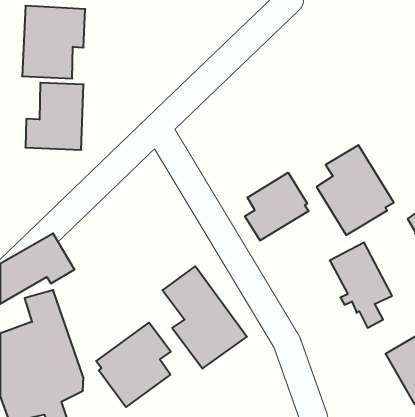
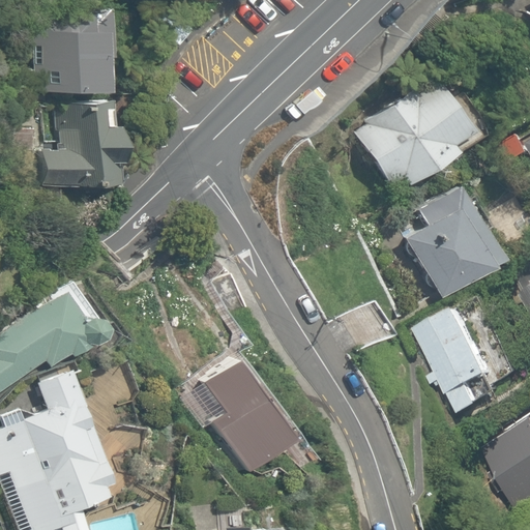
building: none -> [355,78,474,185]
building: [245,173,309,241] -> none
building: [96,323,171,407] -> none

